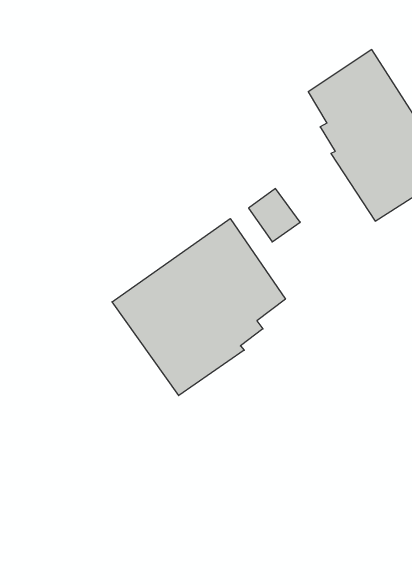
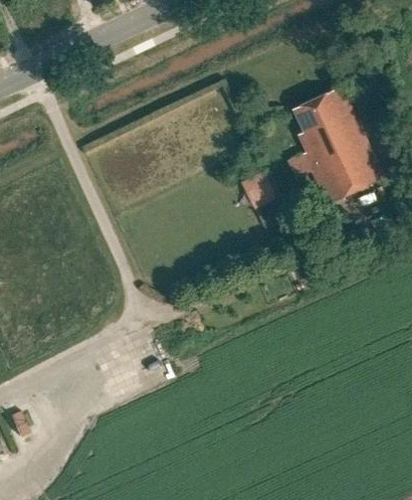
building: [112,219,285,396] -> none

